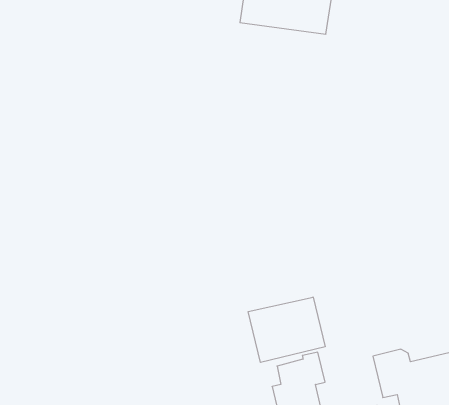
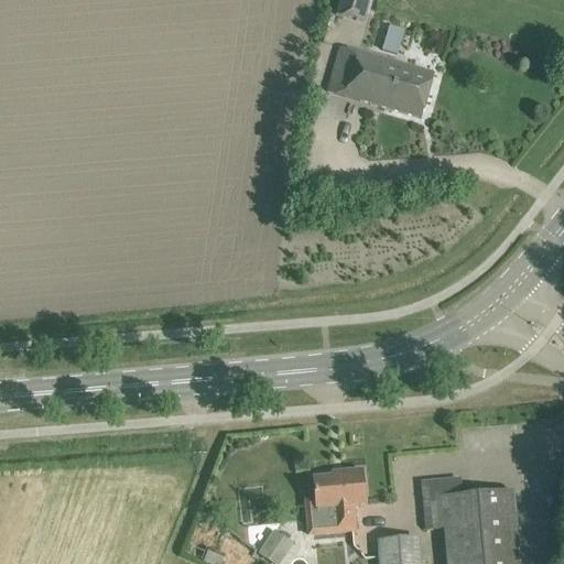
building: [248,297,325,362] -> none

